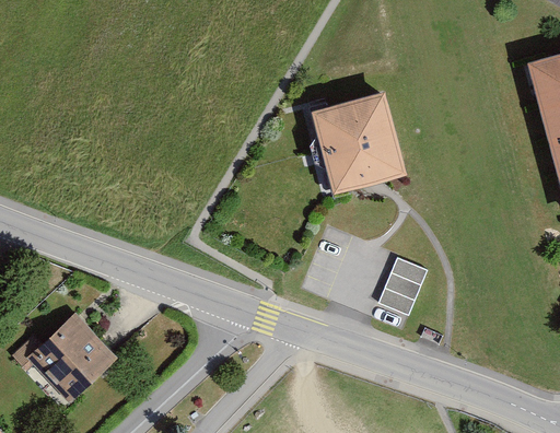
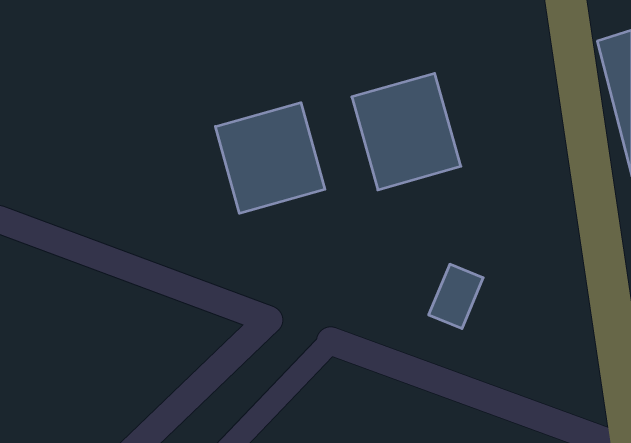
building: none -> [215,103,325,213]
building: [26,306,119,398] -> none

